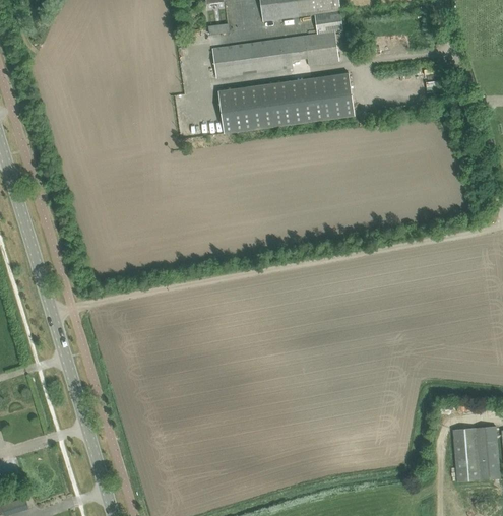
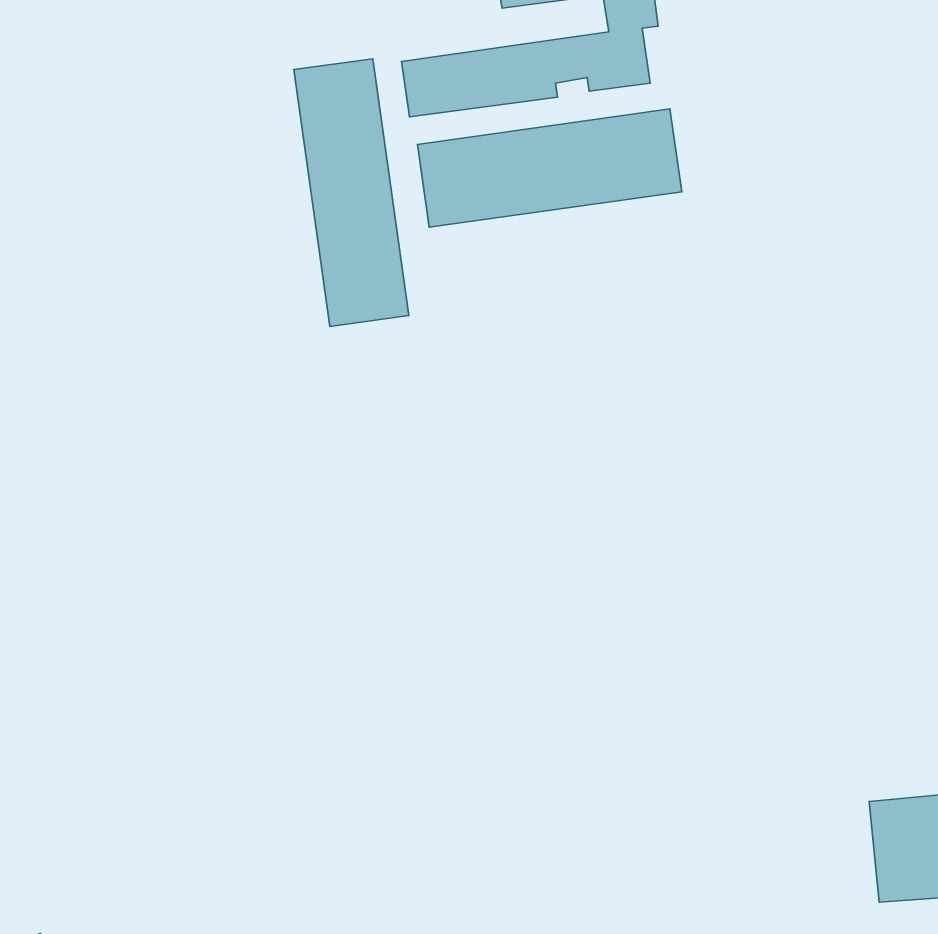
building: none -> [294,59,409,327]

